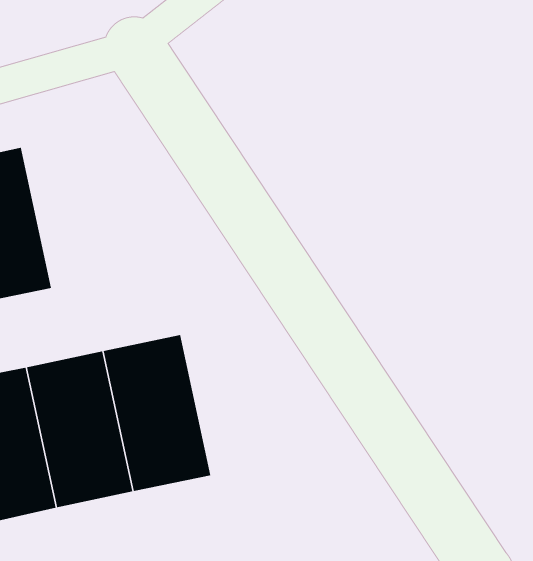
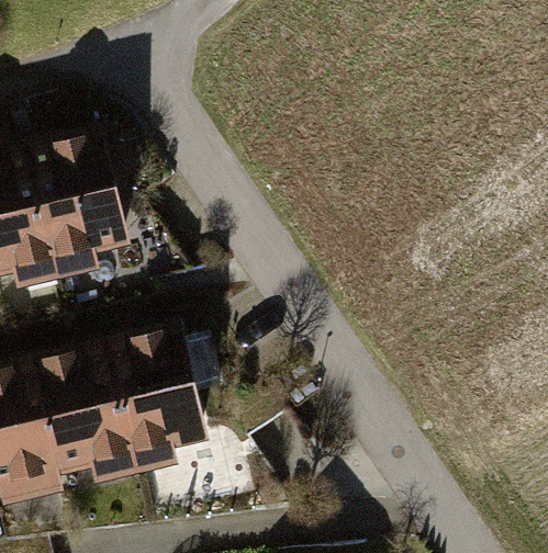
building: none -> [29,136,127,284]

